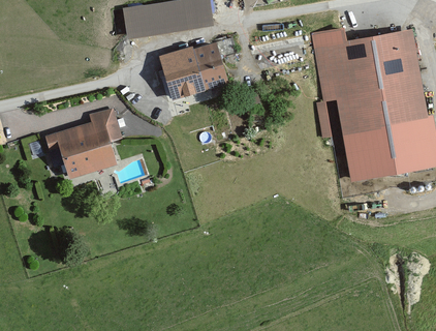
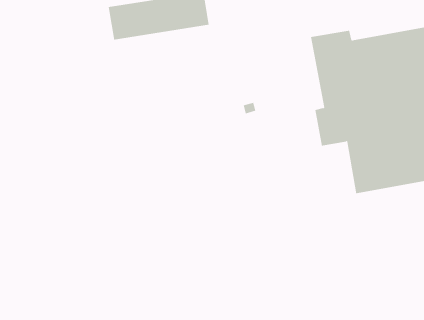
building: [150,44,227,97] -> none
building: [40,106,122,177] -> none

